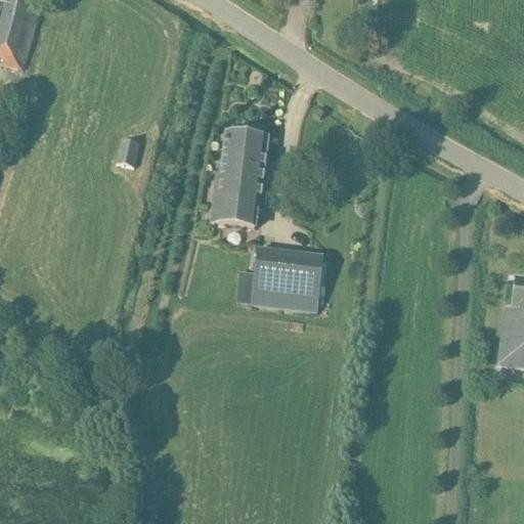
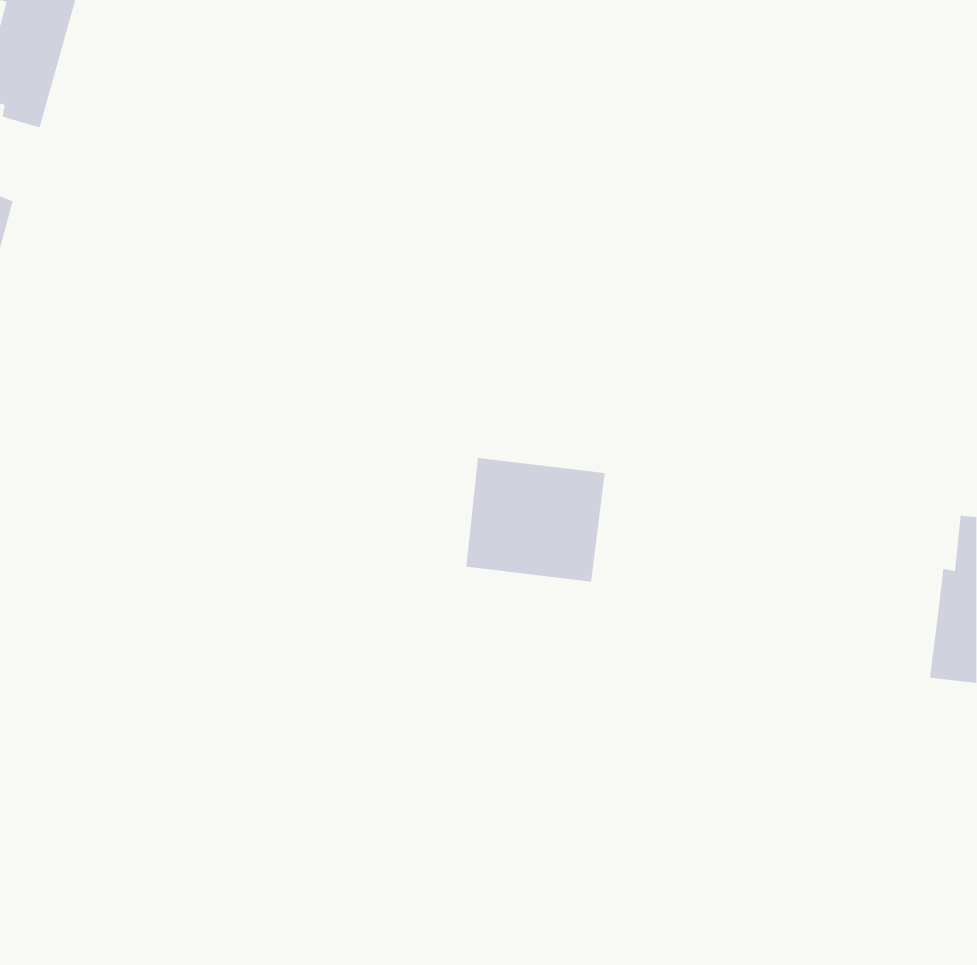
building: [210,131,267,226] -> none
building: [114,136,139,166] -> none

